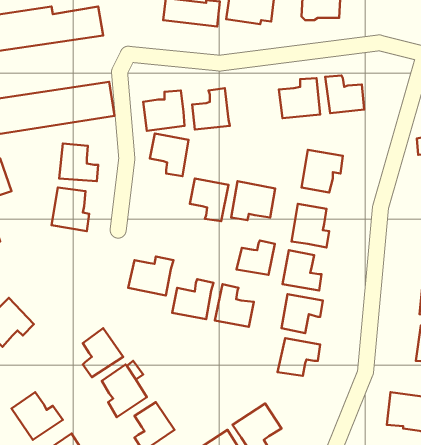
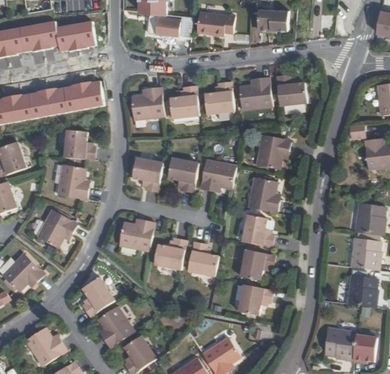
building: none -> [204,82,233,115]
building: [150,133,189,176] -> [131,158,162,192]
building: [237,240,275,275] -> none
building: none -> [36,210,76,248]

